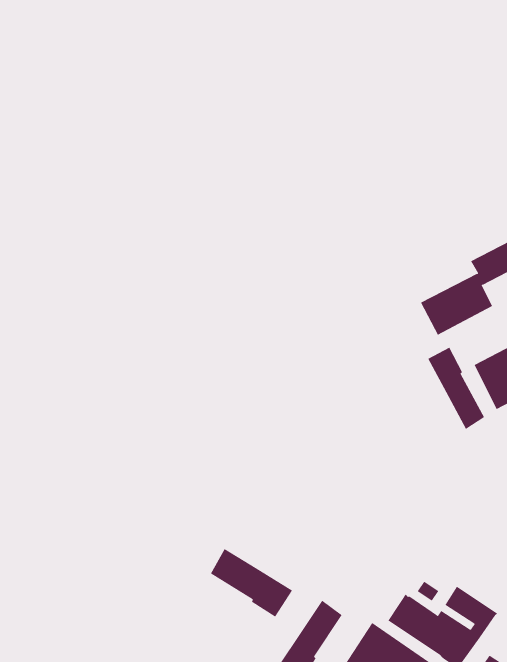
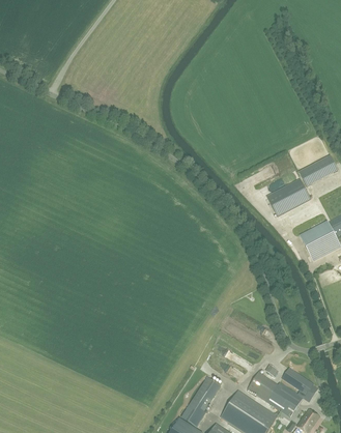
building: [427,347,485,430] -> none
building: [210,548,293,618] -> none

